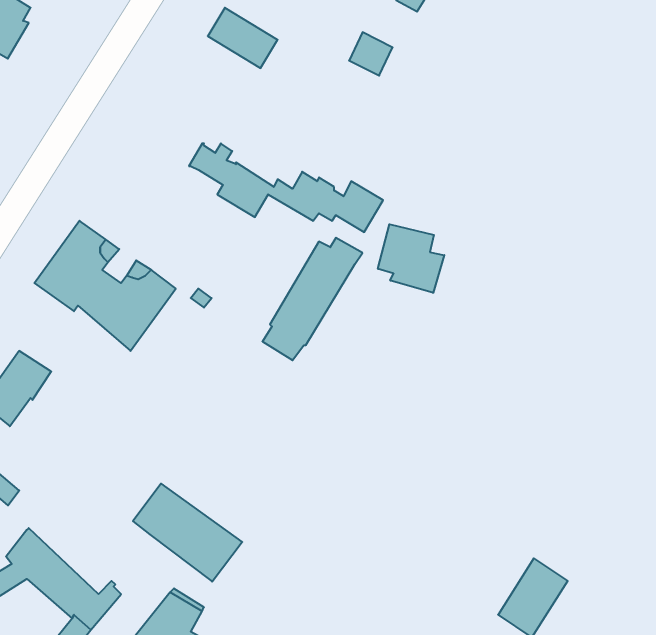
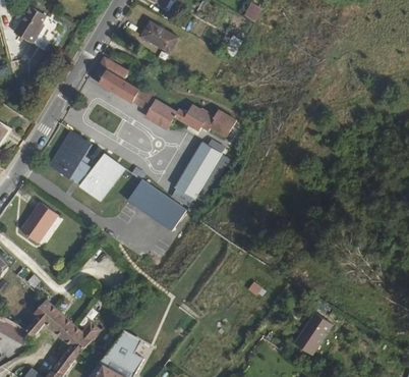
building: none -> [92,57,138,103]
building: [378,224,444,293] -> none
building: [133,484,242,582] -> [126,181,185,234]

